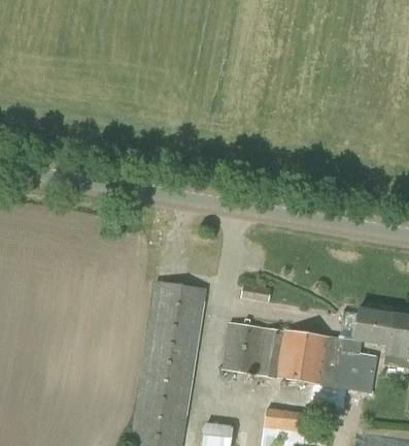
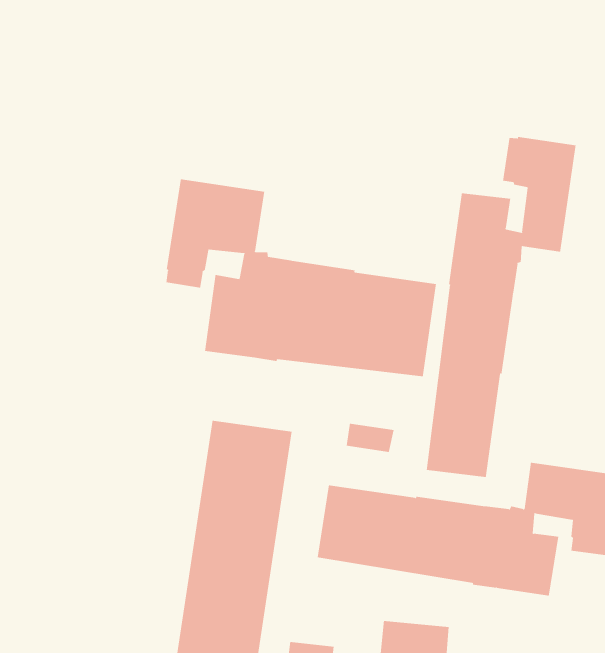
building: none -> [426,136,576,478]
building: none -> [166,179,436,377]

